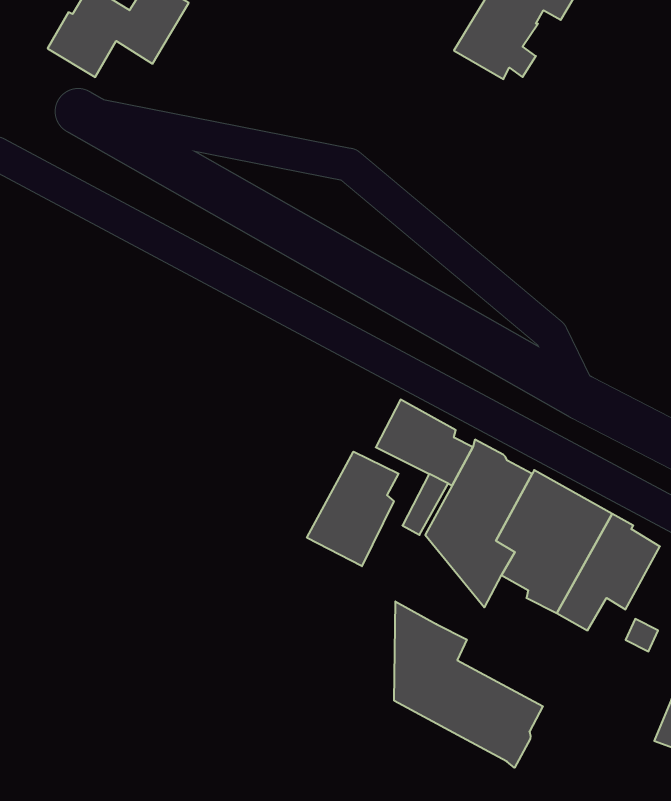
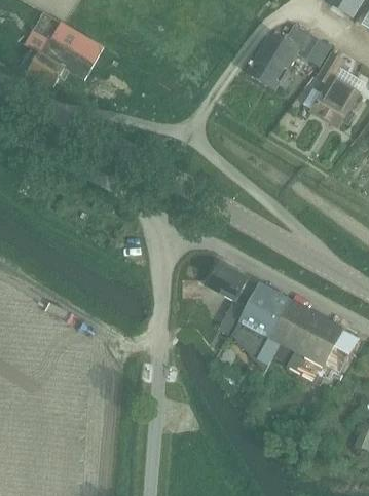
building: none -> [310,51,359,127]
building: [307,452,399,566] -> none
building: [394,601,543,768] -> none

